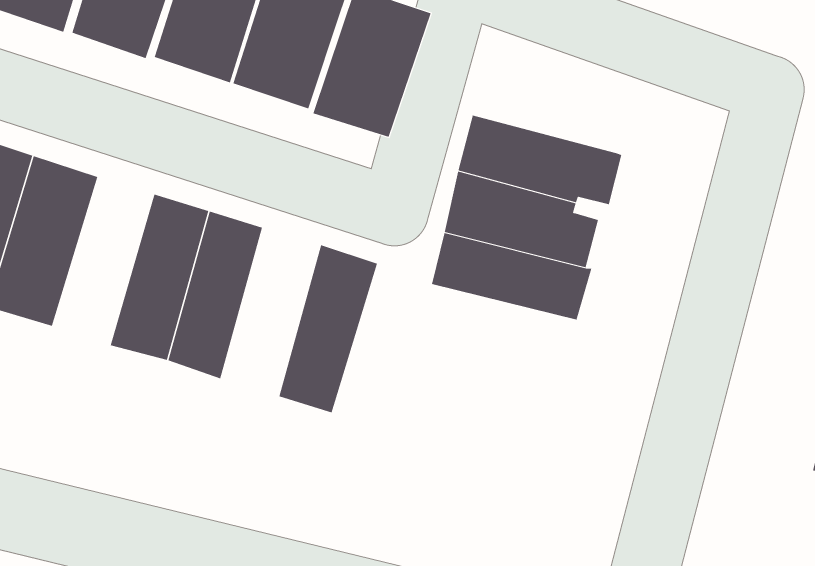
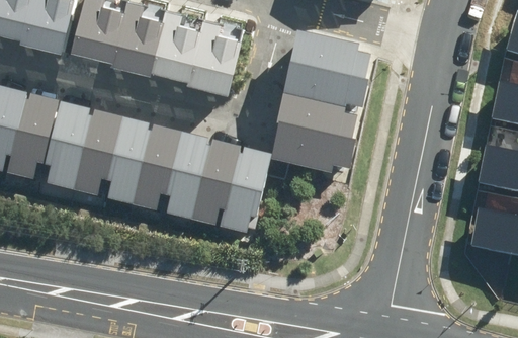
building: none -> [283,37,364,86]
building: none -> [72,114,120,201]
building: none -> [161,136,208,223]
building: none -> [220,151,267,237]

